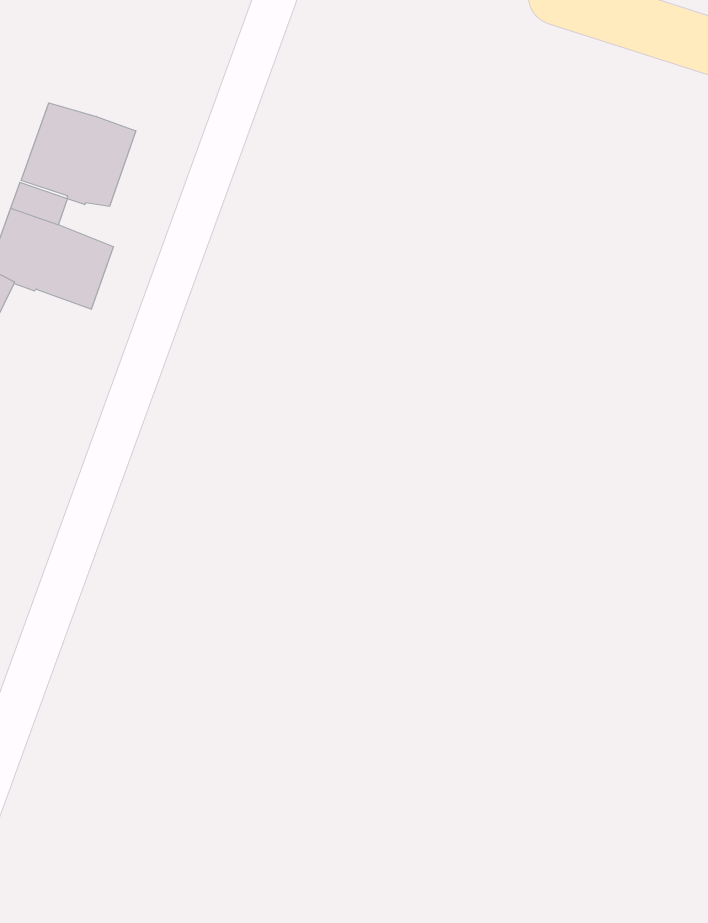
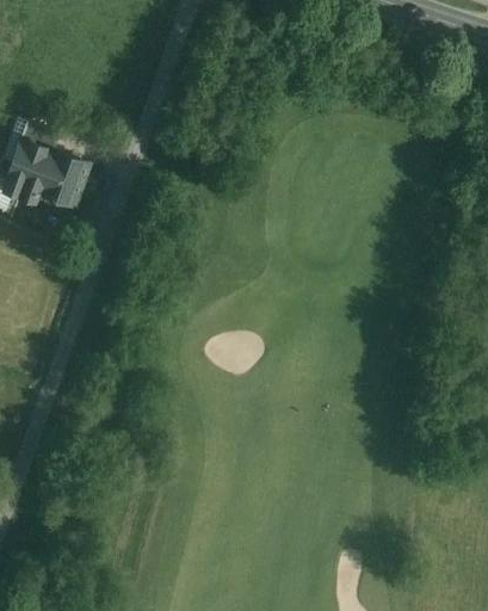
building: [21,103,136,206] -> none

